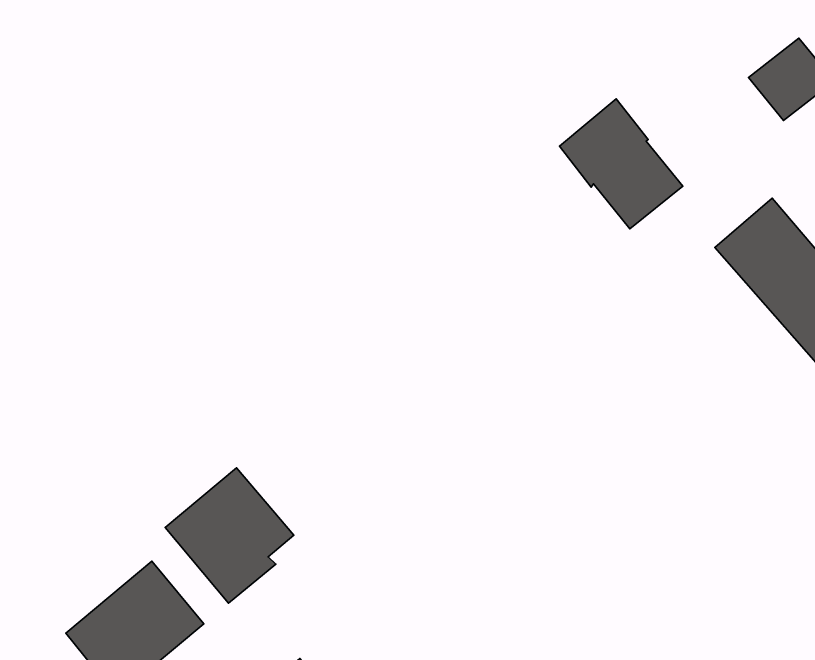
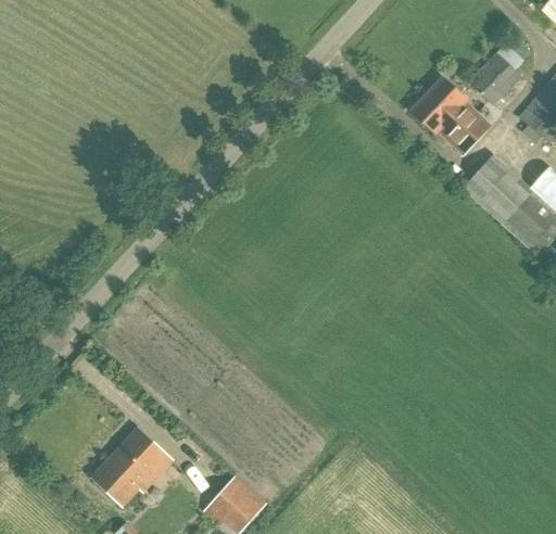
building: [559,99,683,229] -> [413,76,492,155]
building: [165,468,294,603] -> none

